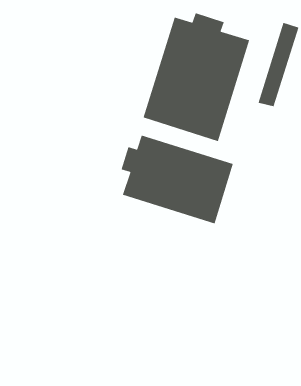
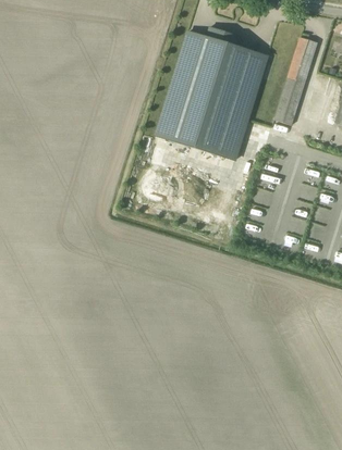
building: [121,135,234,224] -> none

